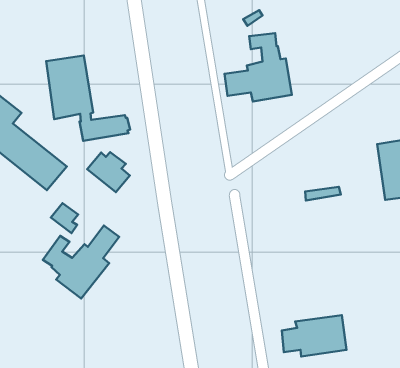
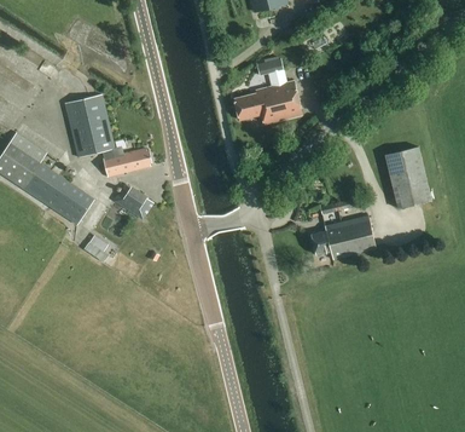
building: [43,225,119,299] -> none
building: [282,315,347,356] -> [313,214,376,257]

